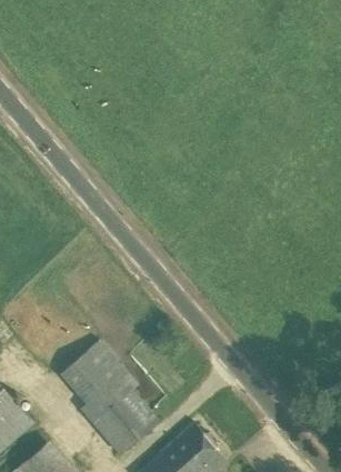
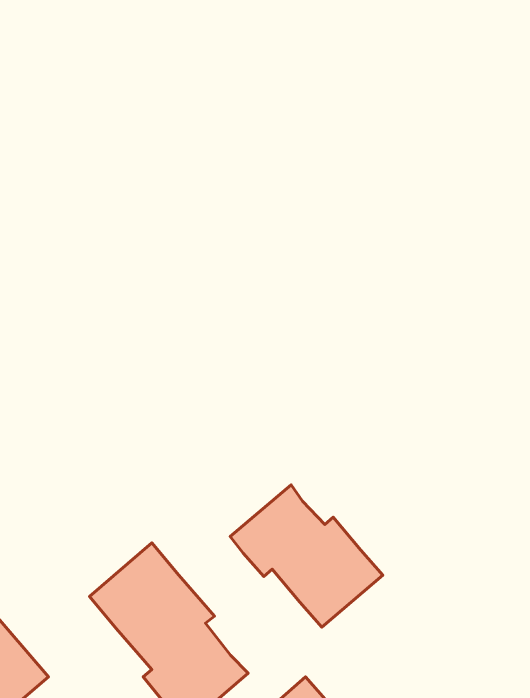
building: none -> [230,485,383,627]

